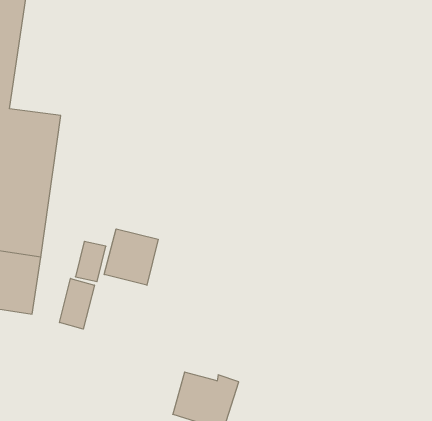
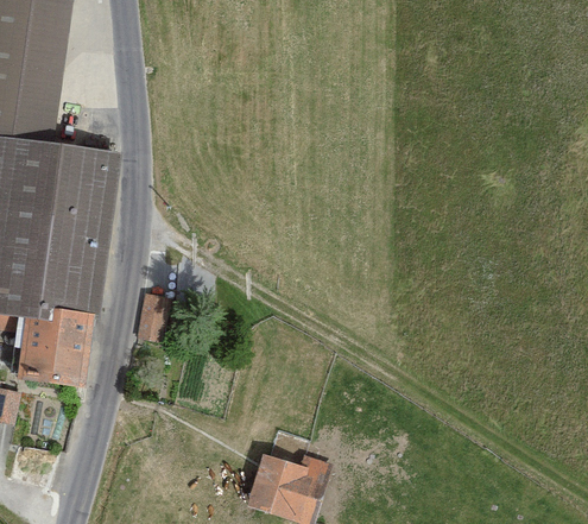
building: [104,229,158,285] -> none
building: [60,278,94,329] -> none

